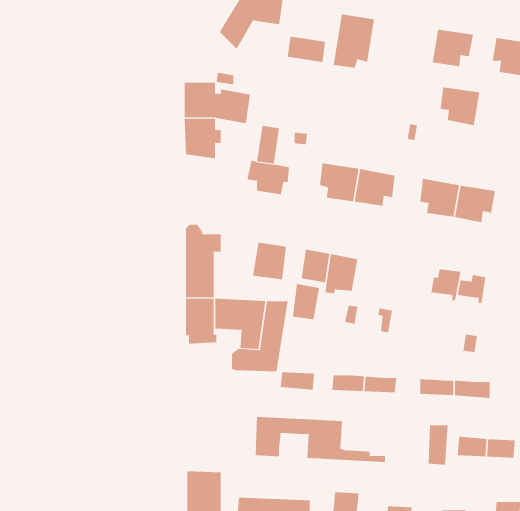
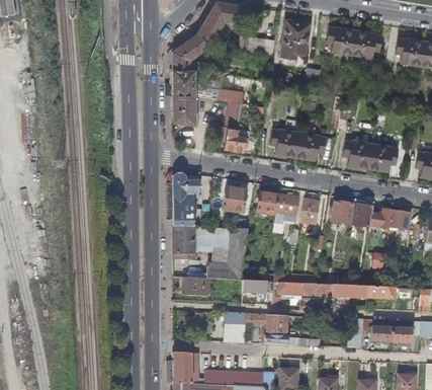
building: none -> [172,32,210,69]
building: [440,87,480,126] -> [327,26,356,55]
building: none -> [329,201,353,225]
building: none -> [387,211,411,242]
building: [292,284,320,320] -> [300,198,321,224]
building: none -> [178,277,209,296]

